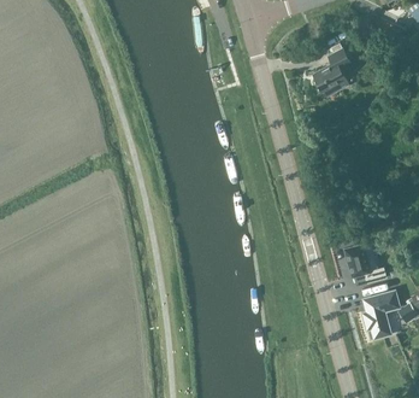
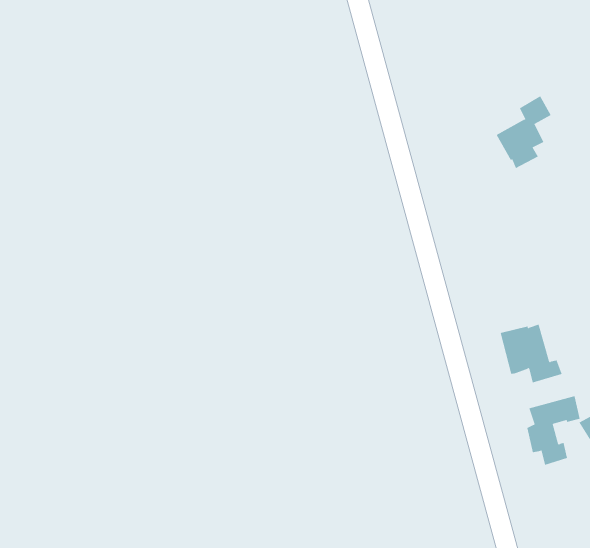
building: [315,48,353,98] -> [496,96,551,169]

